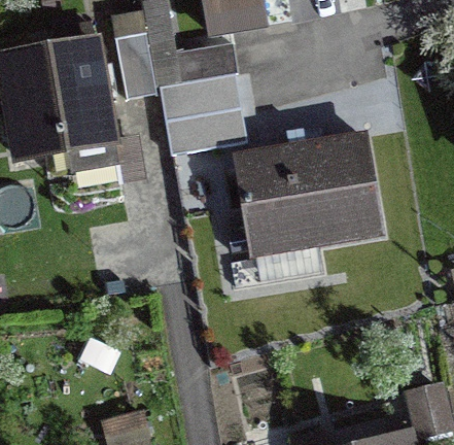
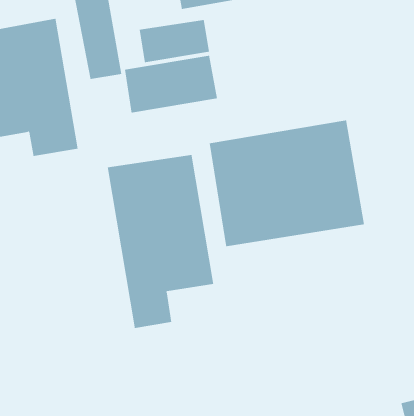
building: none -> [107,154,214,329]

